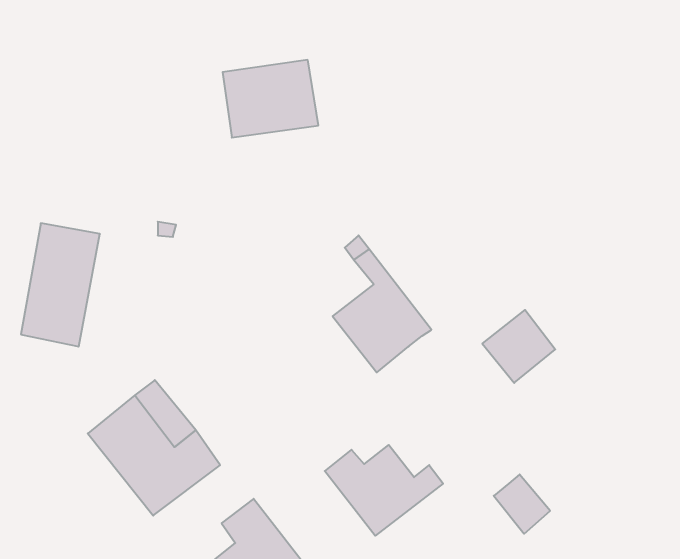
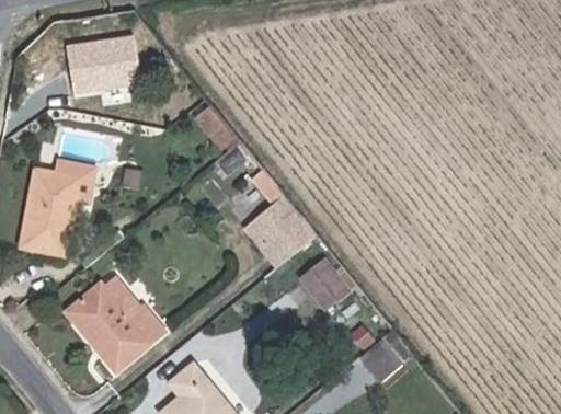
building: [223,60,318,138] -> [68,43,137,99]
building: [482,310,555,383] -> [309,260,362,312]
building: [325,445,443,536] -> none

